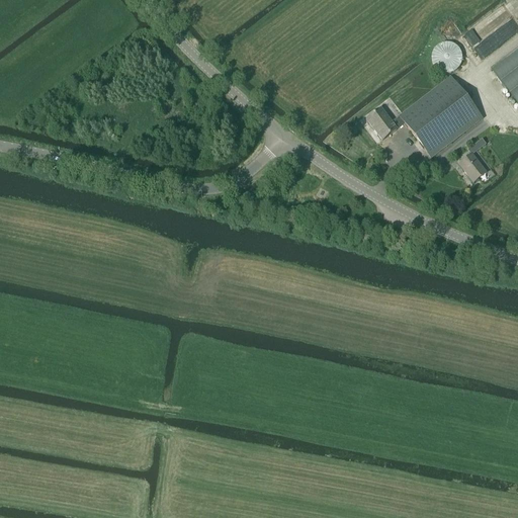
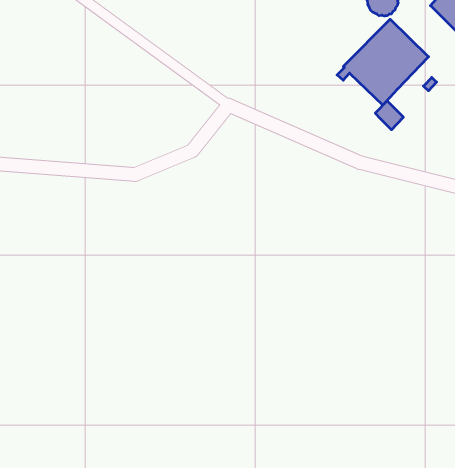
building: [367,106,398,139] -> none
building: [460,152,487,180] -> [375,101,403,130]

